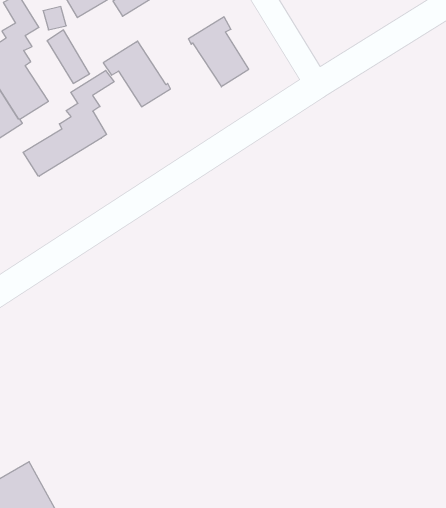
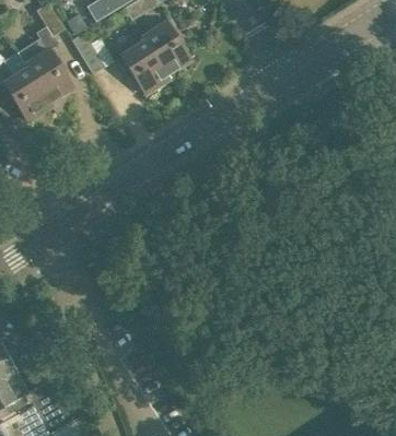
building: [188,17,249,87] -> [140,20,188,75]
building: [23,70,114,176] -> none

